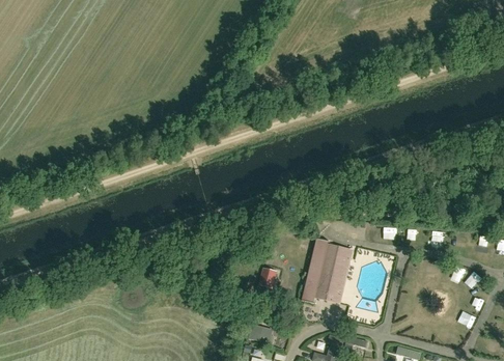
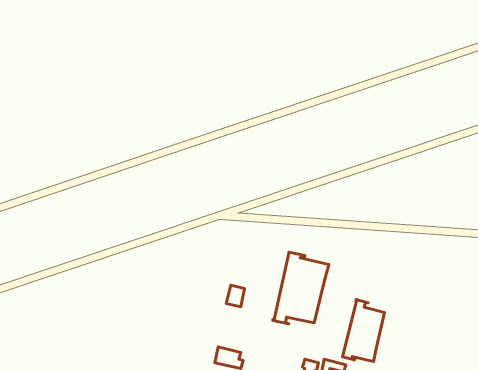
building: none -> [342,300,384,362]

